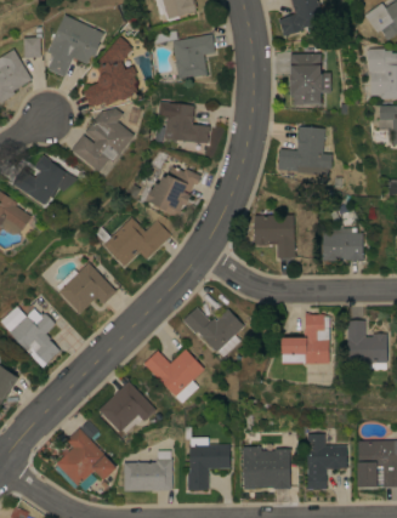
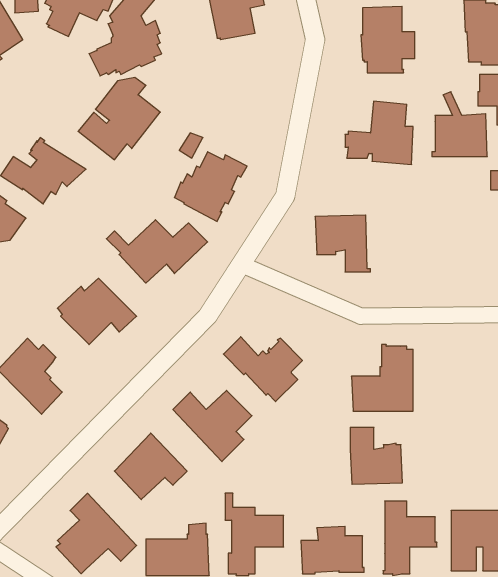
building: [158,102,210,143] -> none
building: [321,210,363,260] -> [432,92,487,157]
building: [347,320,387,364] -> [350,427,402,484]

